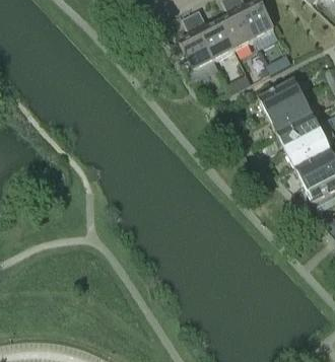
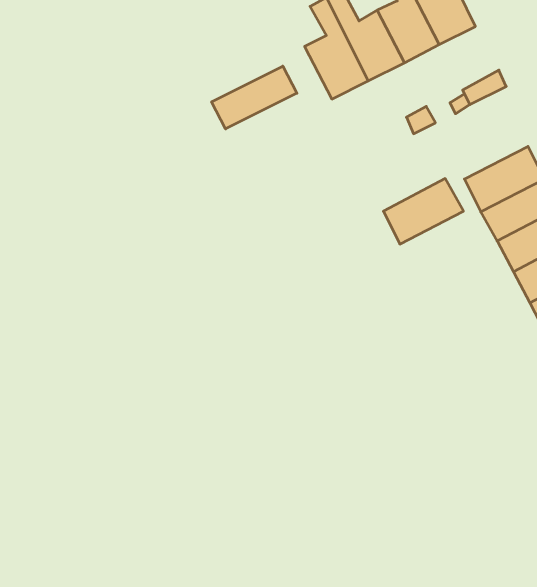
building: none -> [212,66,297,129]
building: [258,78,303,115] -> [383,179,463,244]

